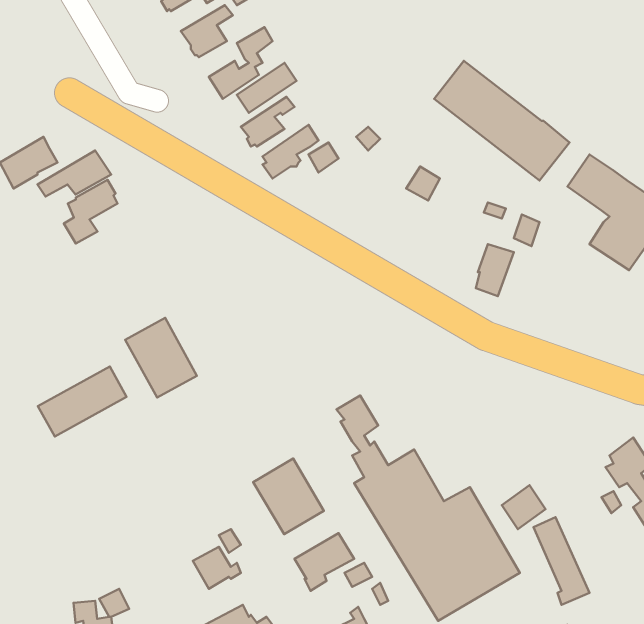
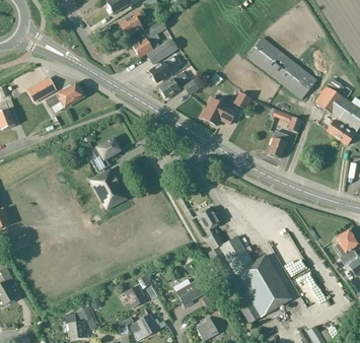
building: none -> [201,97,236,125]
building: [64,180,118,243] -> [91,138,119,170]
building: [38,367,127,437] -> none
building: [253,459,324,534] -> none

